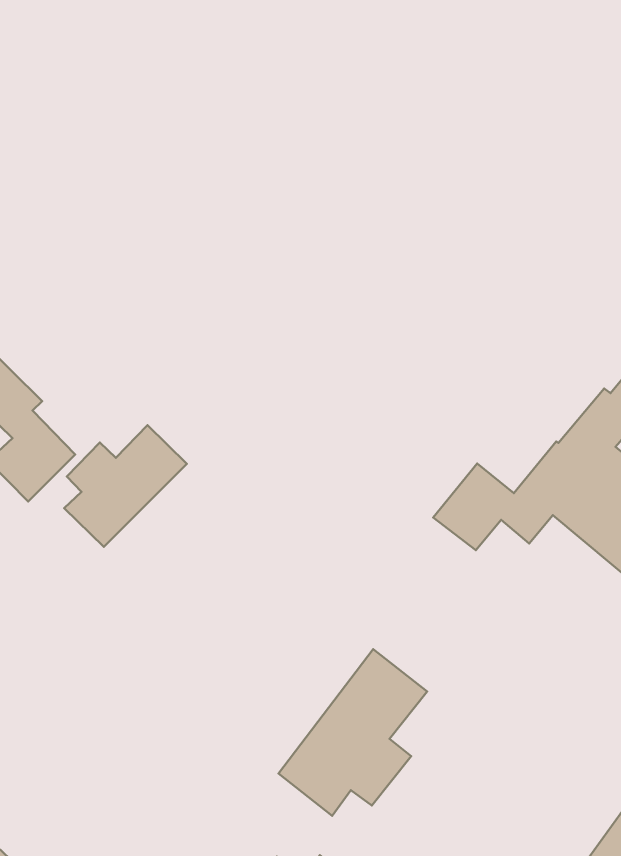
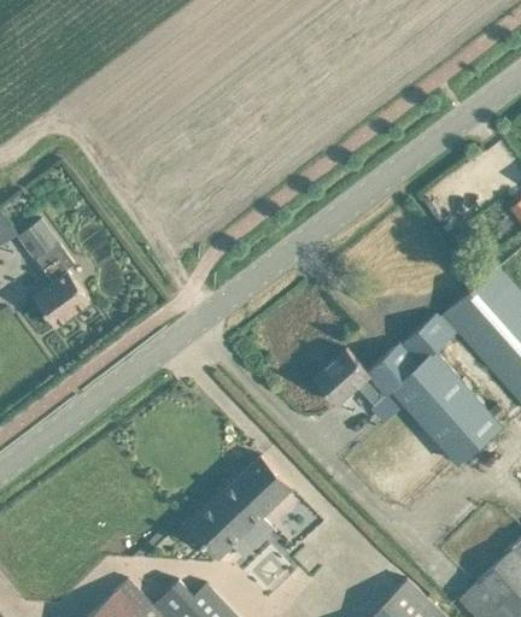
building: [64,425,187,547] -> none

